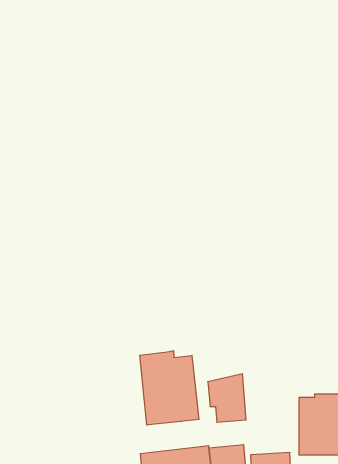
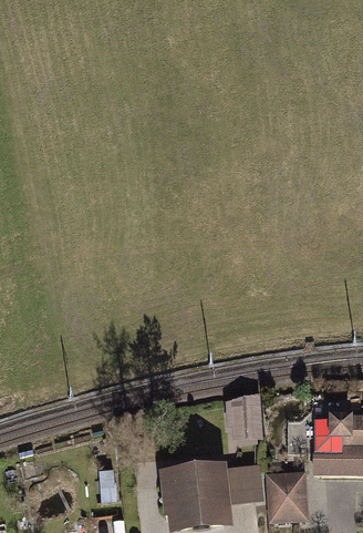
building: [140,351,199,425] -> none

